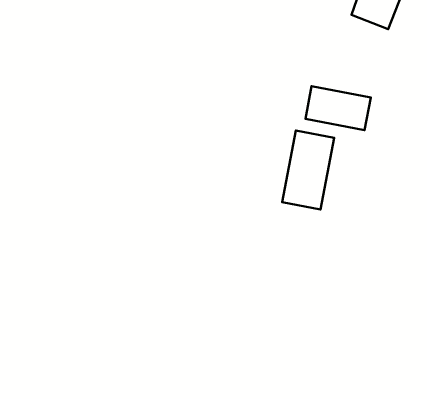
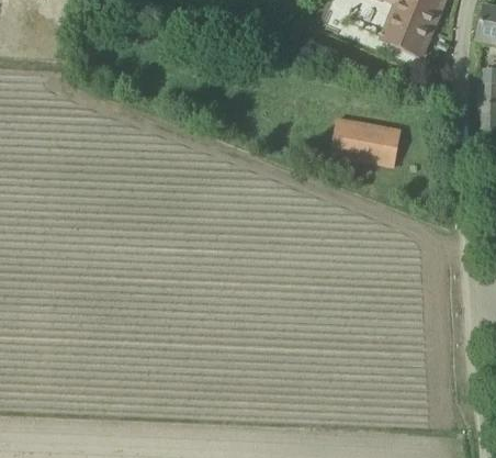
building: [282,131,334,210] -> none

